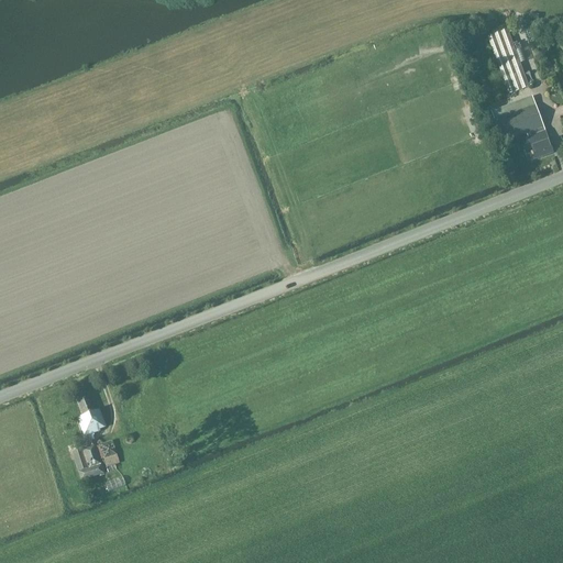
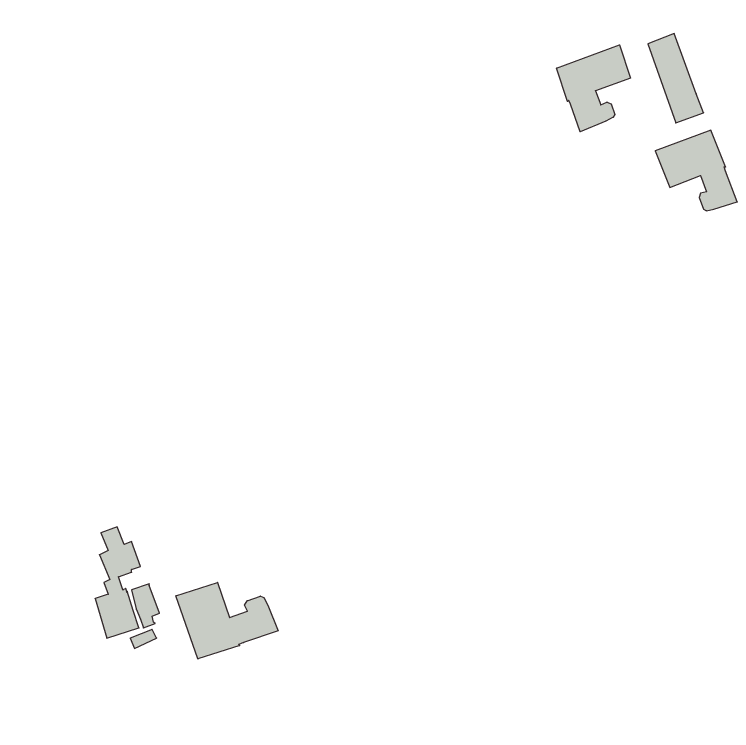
building: none -> [557,45,630,132]
building: none -> [176,582,278,659]

